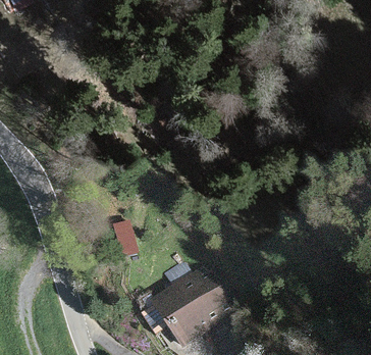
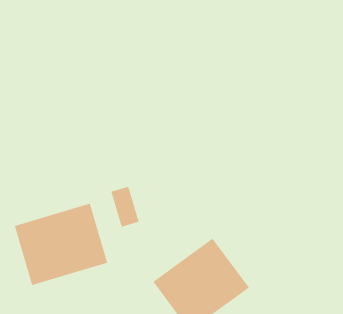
building: none -> [14,203,108,286]

